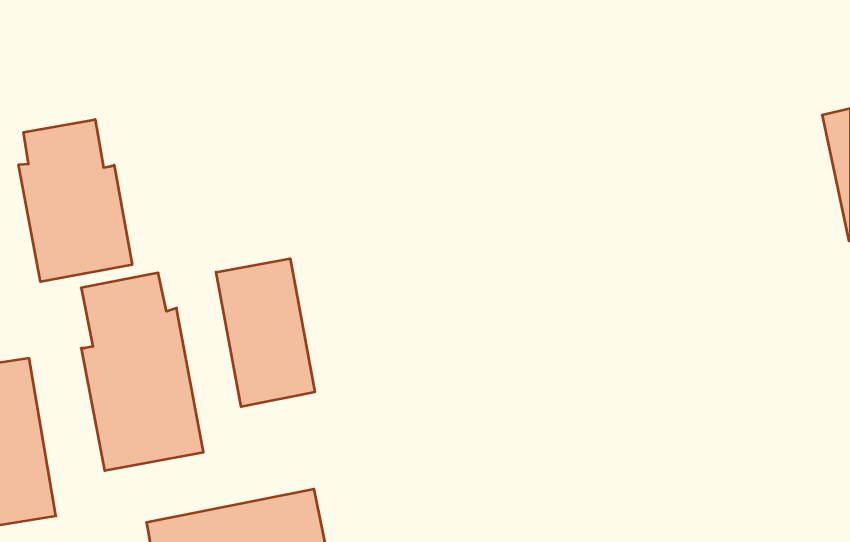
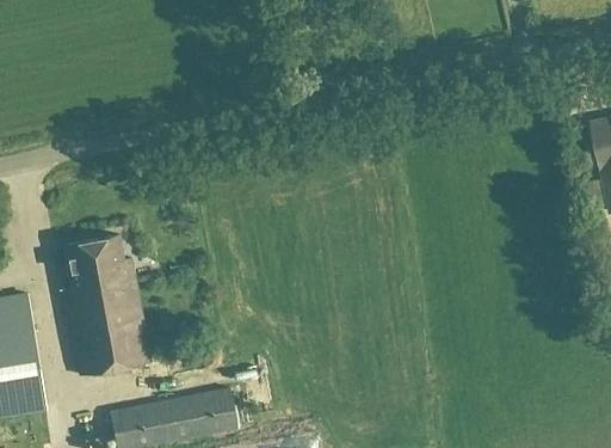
building: [19,119,132,282] -> none
building: [216,259,315,407] -> none

